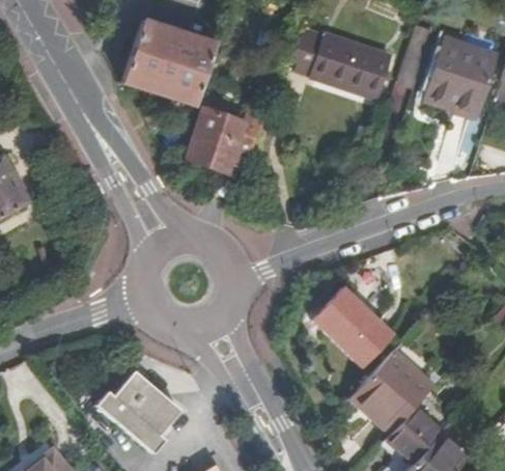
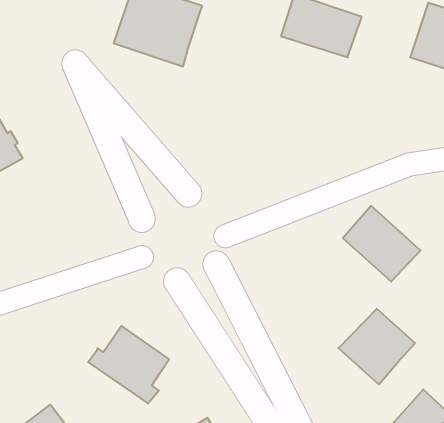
building: [186,106,243,169] -> none
building: [312,289,392,367] -> [343,206,421,282]
building: [388,408,443,464] -> none

